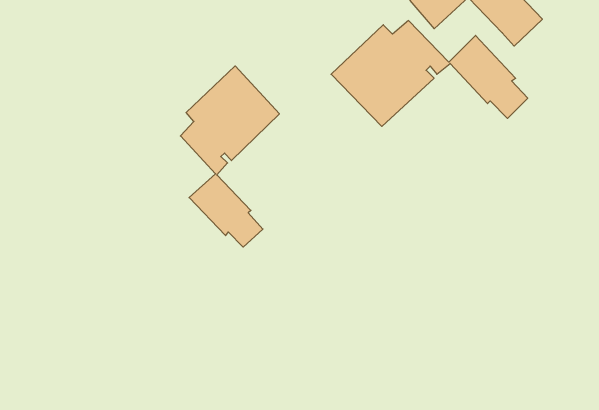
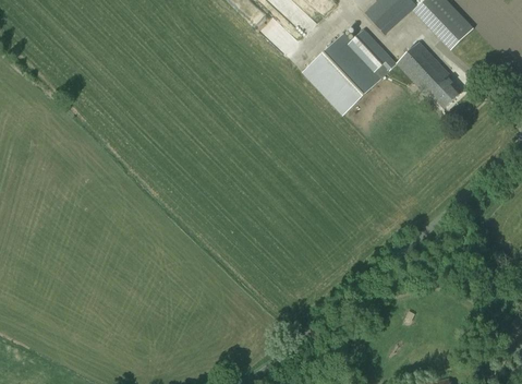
building: [180,66,279,247] -> none

